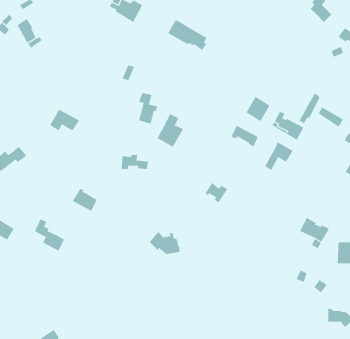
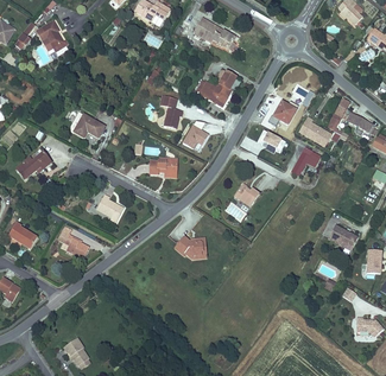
building: none -> [195,69,239,108]

